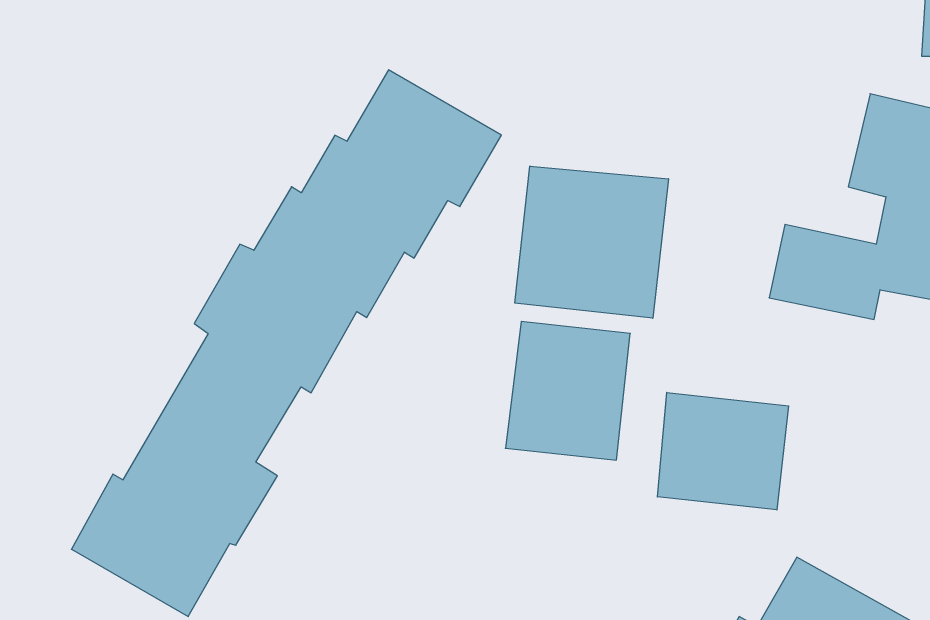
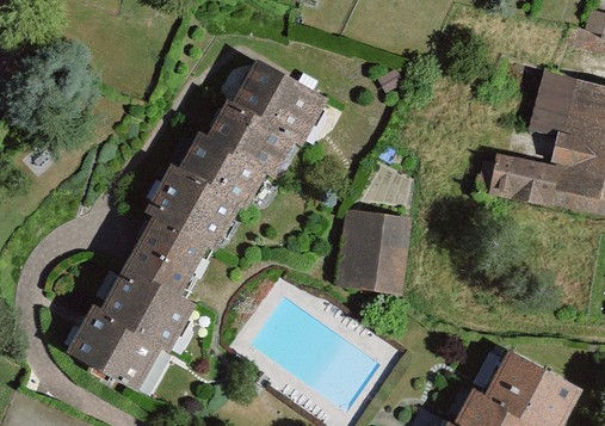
building: [515,166,668,318] -> none
building: [657,392,788,510] -> none

